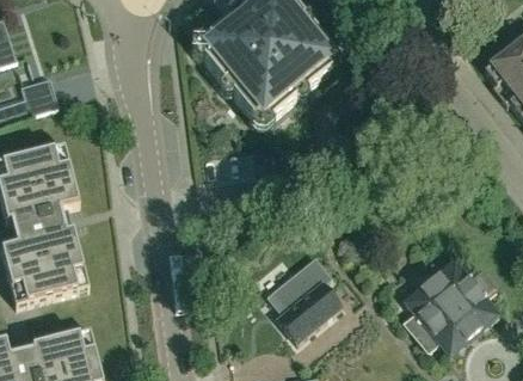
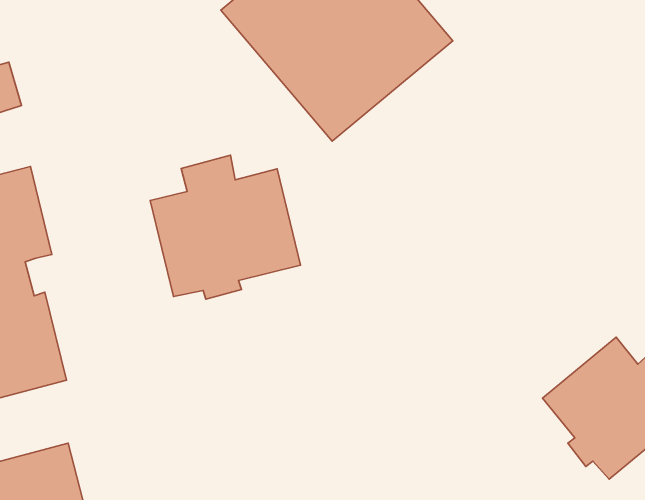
building: none -> [150,155,301,299]
building: [270,257,342,342] -> none

